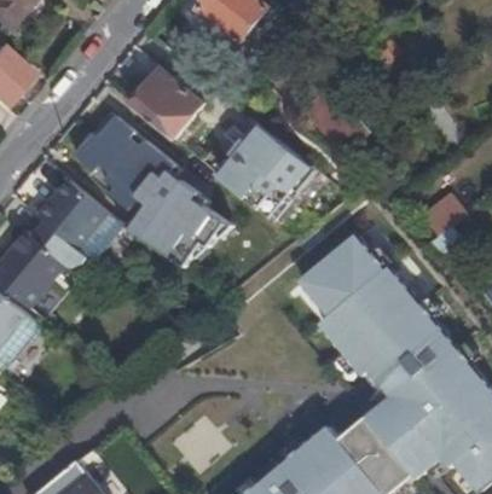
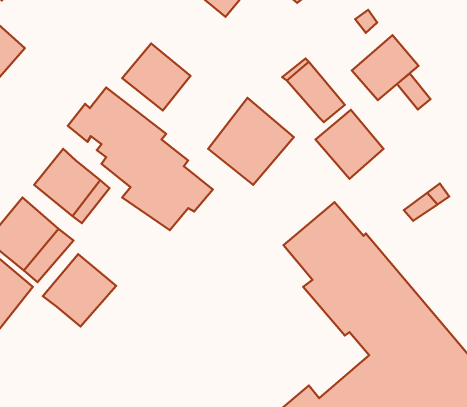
building: none -> [352,35,419,100]
building: none -> [316,110,384,179]
building: none -> [43,254,116,326]

